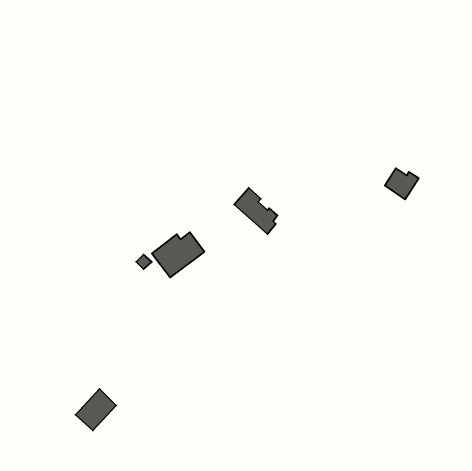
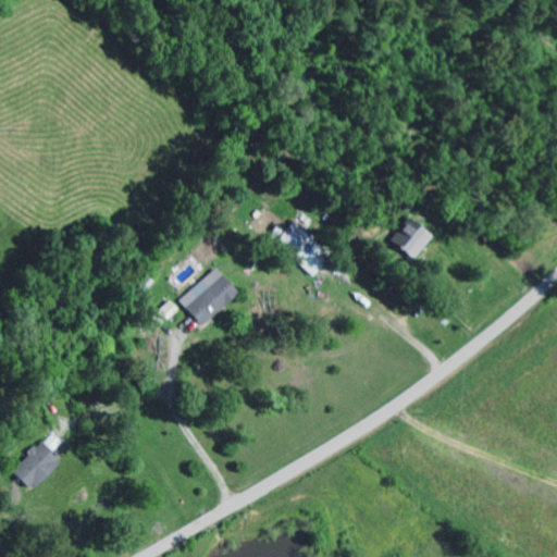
building: [385,168,419,200] -> [392,221,432,258]
building: [75,389,116,430] -> [12,441,60,490]

